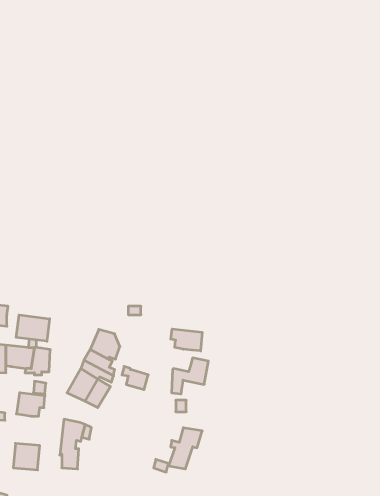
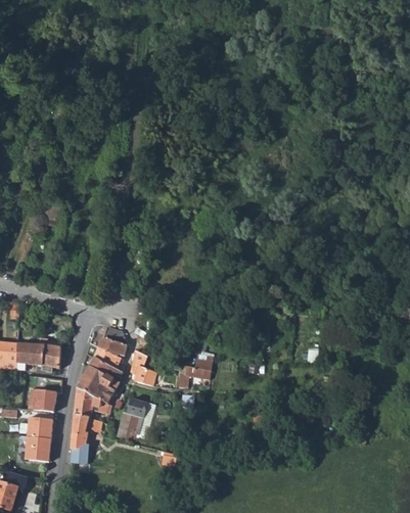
building: [16,315,50,341] -> none
building: [171,329,202,351] -> none
building: none -> [74,388,106,417]
building: none -> [27,418,52,439]
building: [169,428,202,469] -> [116,399,148,438]

